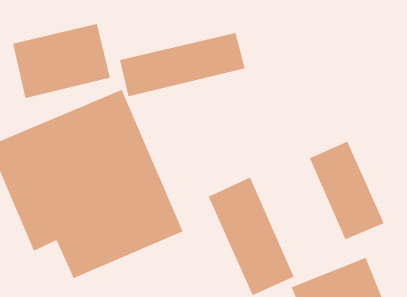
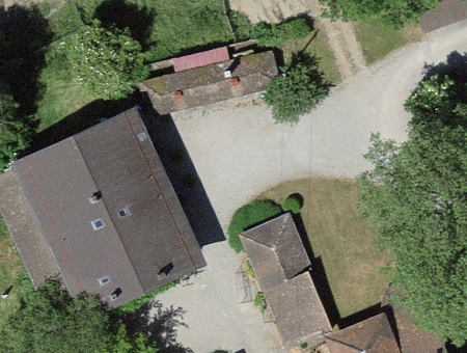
building: [12,23,110,99] -> none
building: [309,141,384,240] -> none

